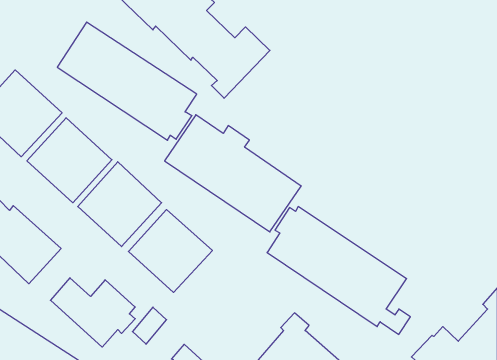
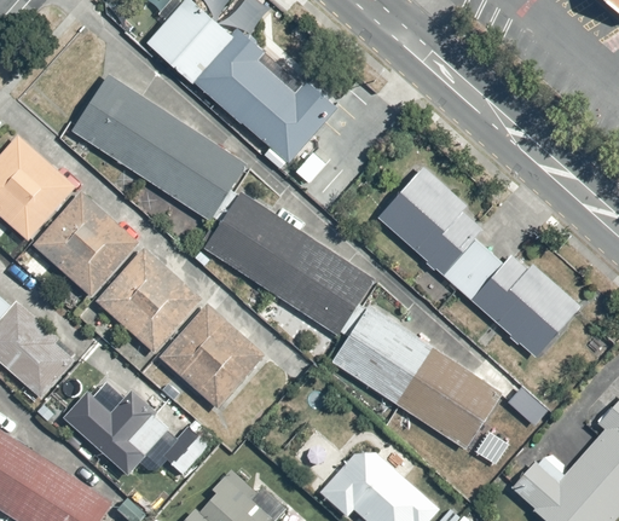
building: none -> [377,170,579,358]

